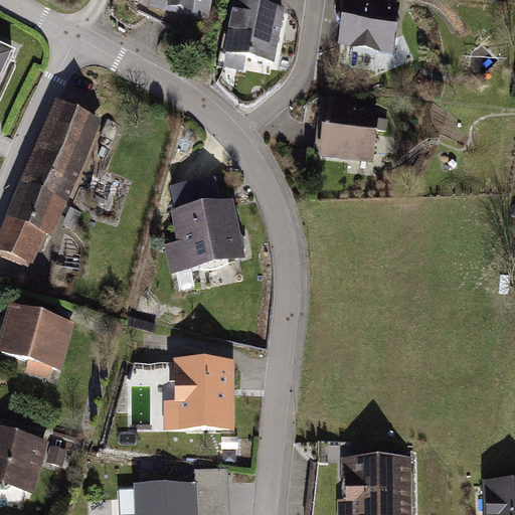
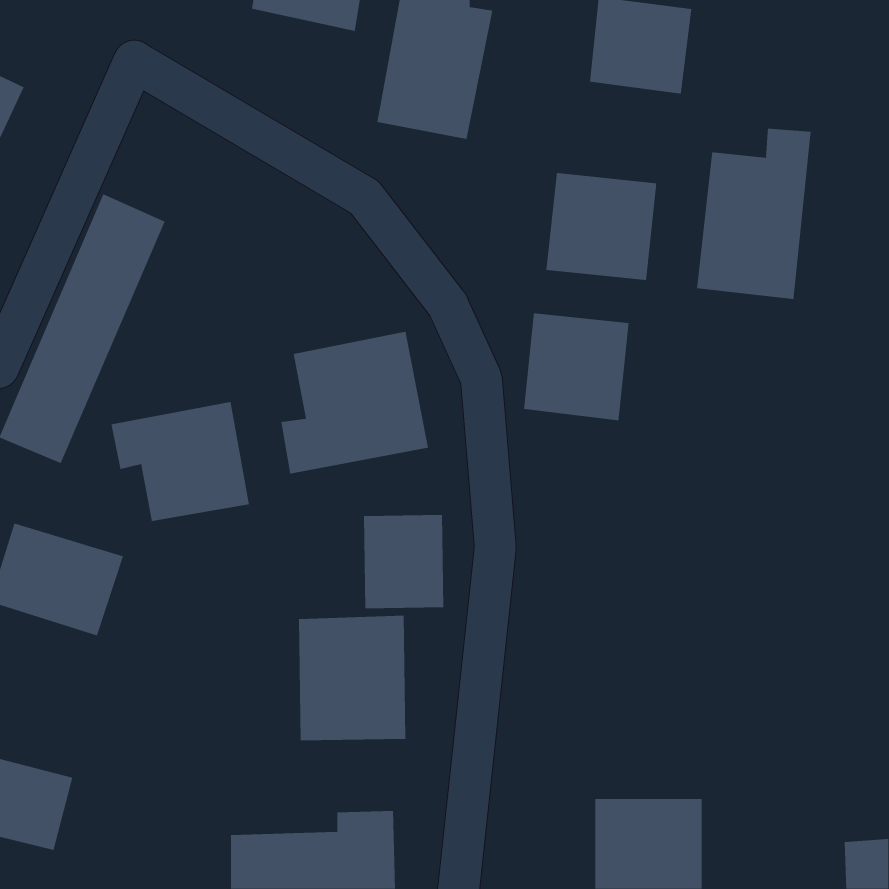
building: none -> [696,128,811,300]
building: none -> [523,312,629,421]
building: none -> [111,401,250,522]
building: none -> [363,514,444,609]

